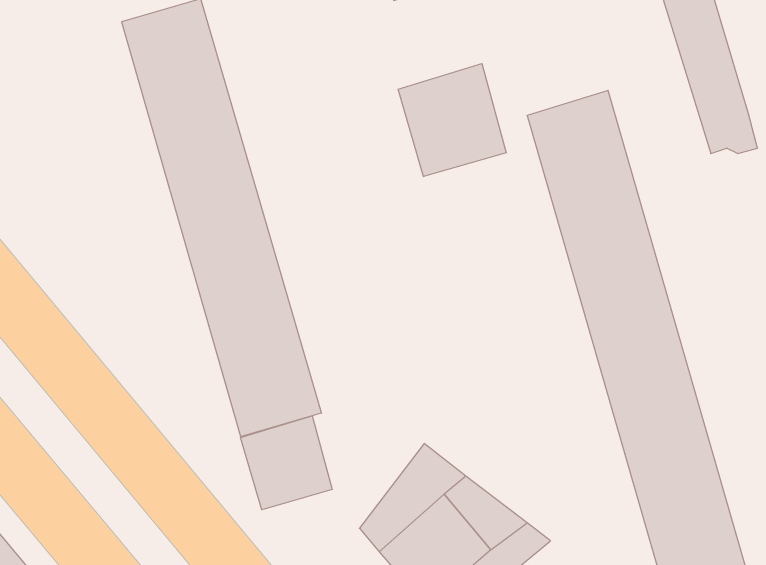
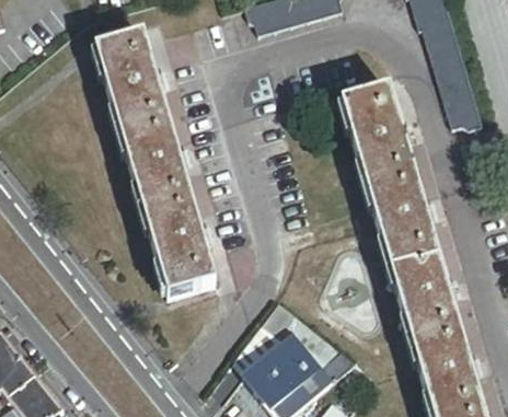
building: [398,64,506,177] -> none
building: [241,416,332,510] -> none

